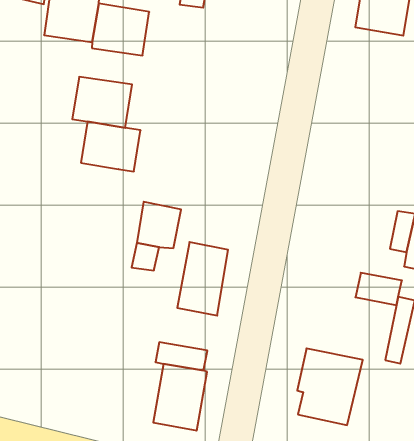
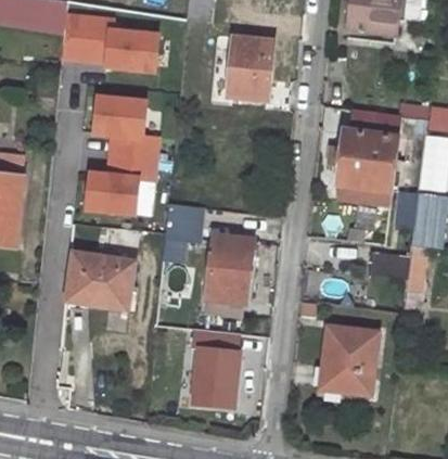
building: none -> [227,37,273,100]
building: none -> [336,111,400,193]
building: none -> [90,171,143,214]
building: none -> [66,255,132,310]

